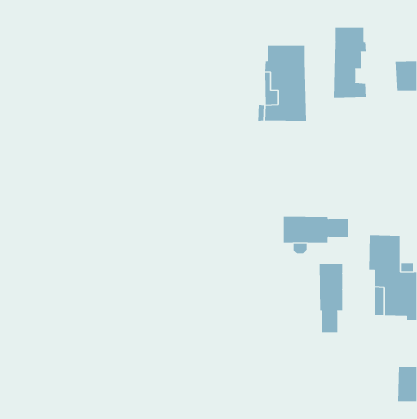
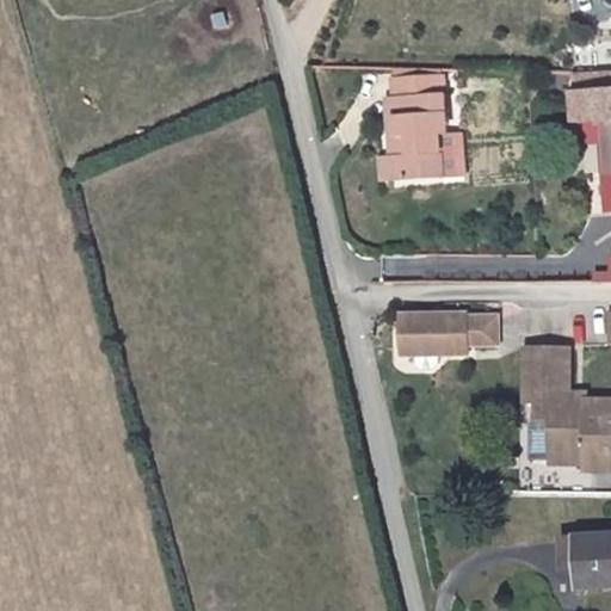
building: [334,27,366,98] -> none
building: [319,263,343,333] -> none

